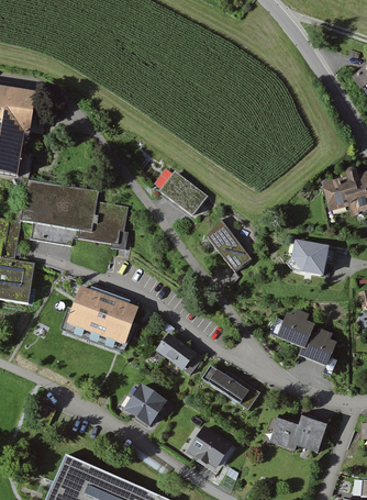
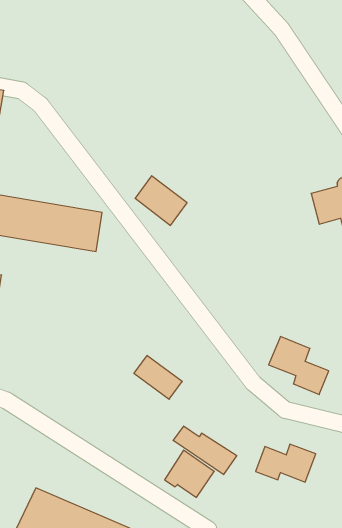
building: [207,218,251,269] -> none
building: [290,236,329,274] -> none
building: [59,284,137,349] -> none
building: [200,363,259,408] -> [173,426,237,475]
building: [124,386,166,426] -> none

